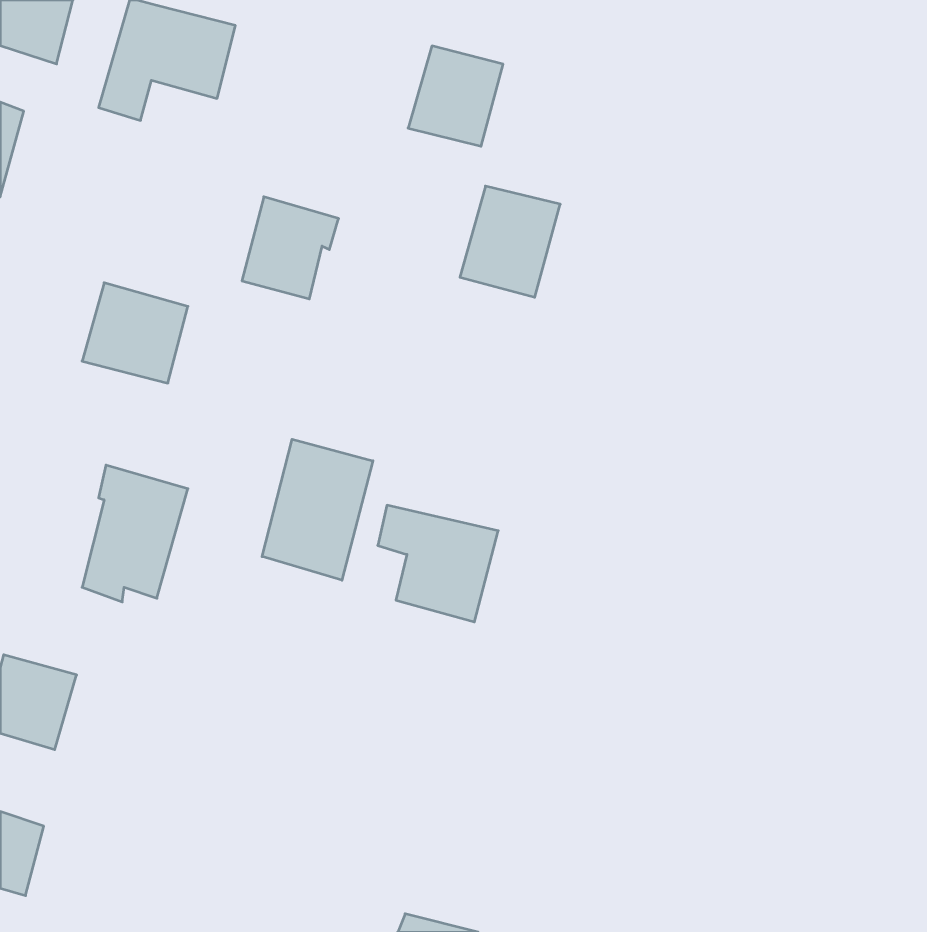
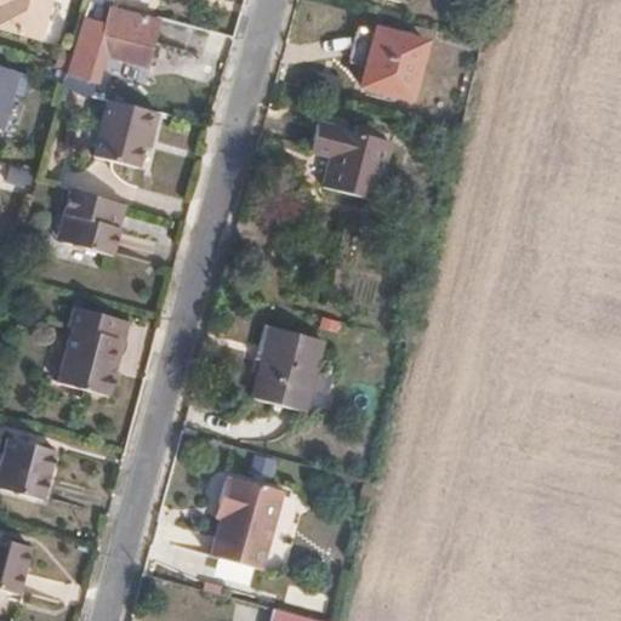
building: [408,46,503,146] -> [360,30,423,97]
building: [242,197,339,299] -> [97,98,161,166]
building: [262,439,373,580] -> none
building: none -> [211,475,285,569]

